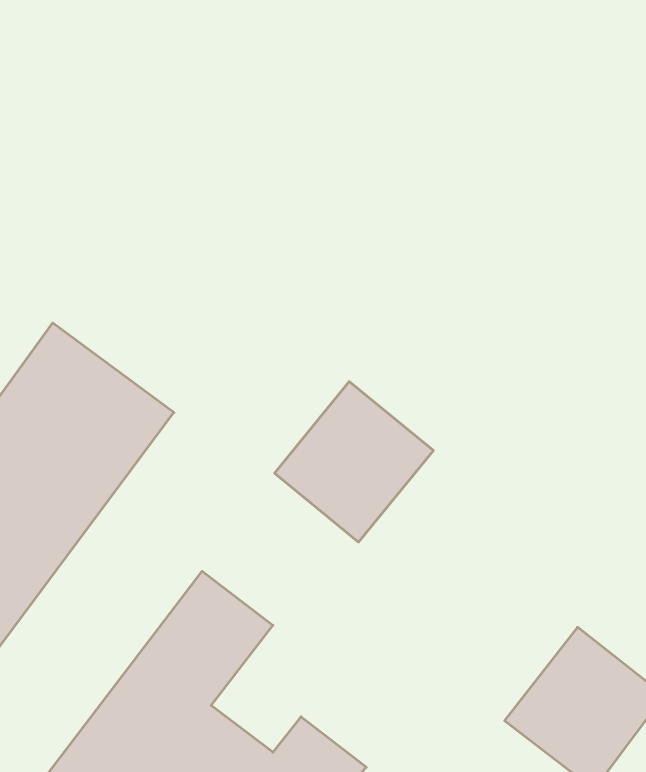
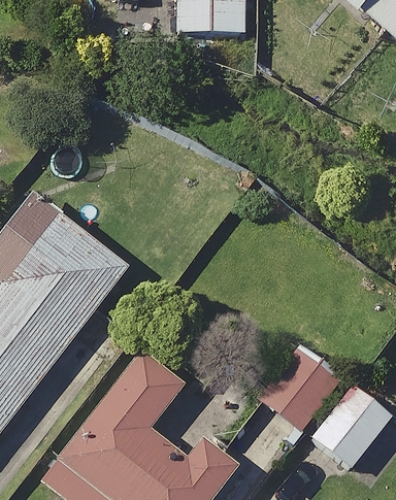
building: [275,382,433,542] -> [250,339,337,428]

